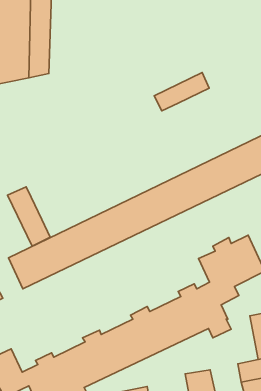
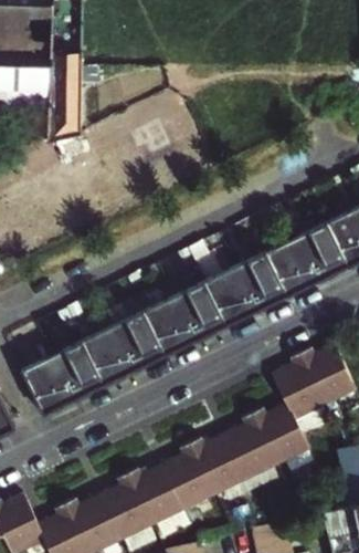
building: [154,73,209,111] -> none
building: [8,187,50,246] -> none

